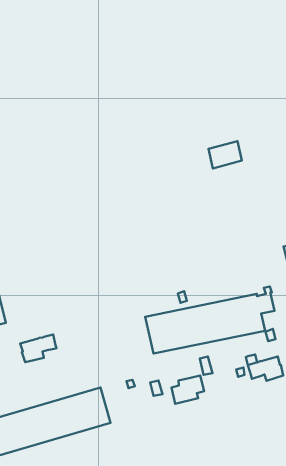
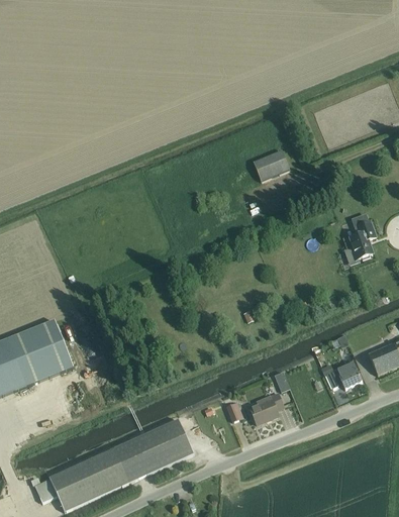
building: [145,286,274,354] -> none
building: [20,335,57,362] -> none

